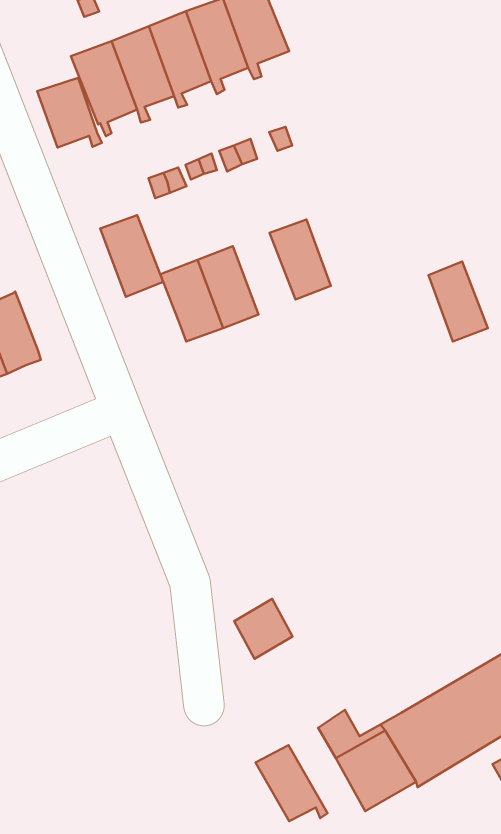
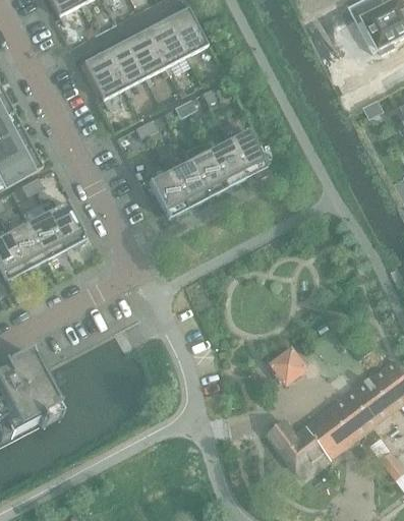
building: [37,78,102,147] -> none
building: [100,215,163,297] -> [187,150,227,197]
building: [429,261,488,342] -> [228,129,266,176]
building: [234,599,292,659] -> [271,348,305,384]
building: [255,745,327,821] -> none

